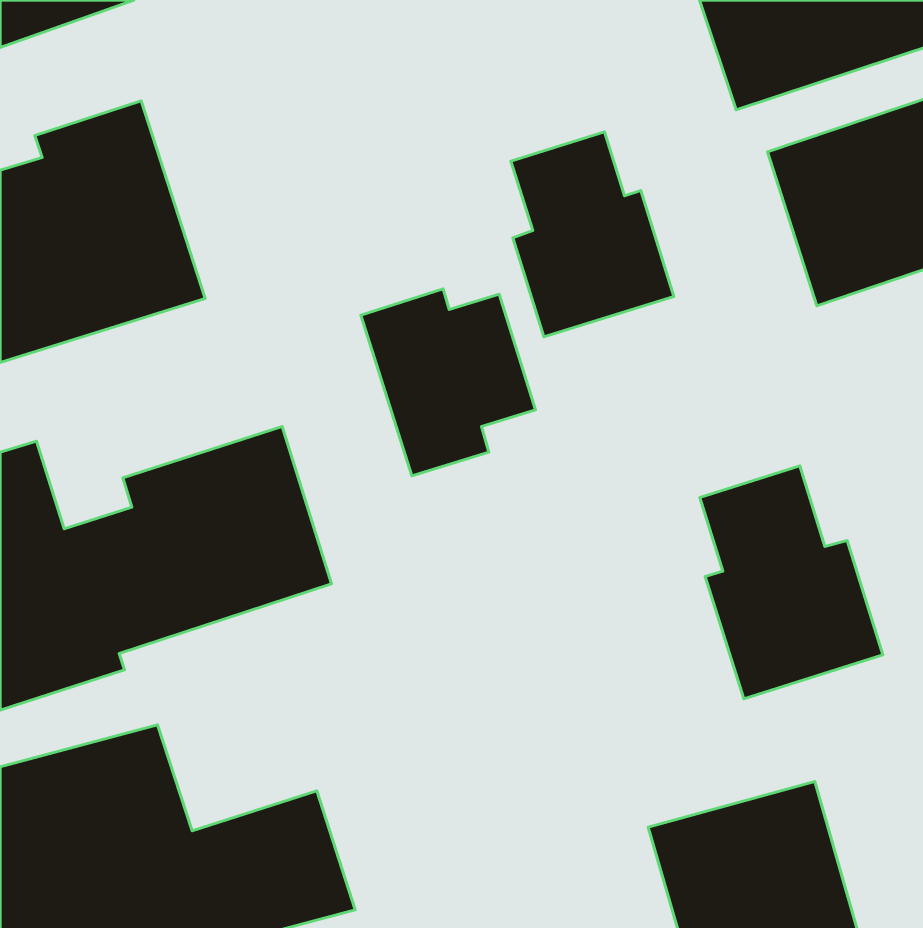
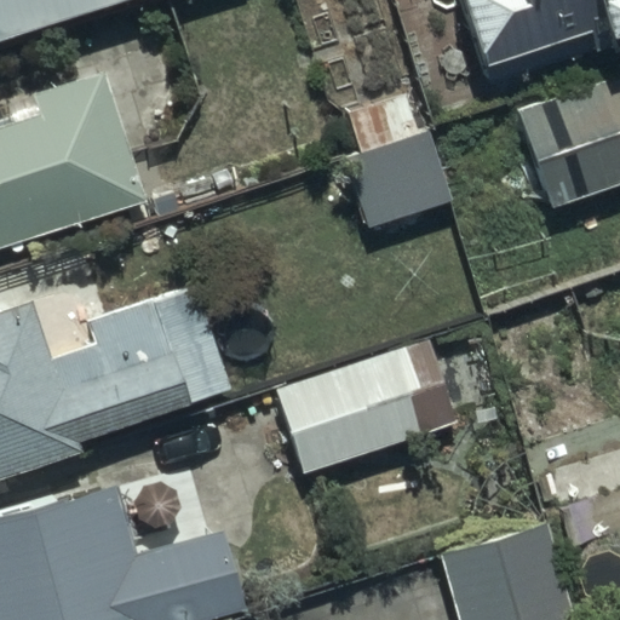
building: [361,289,536,476] -> none
building: [700,466,883,699] -> none
building: none -> [274,339,453,473]

